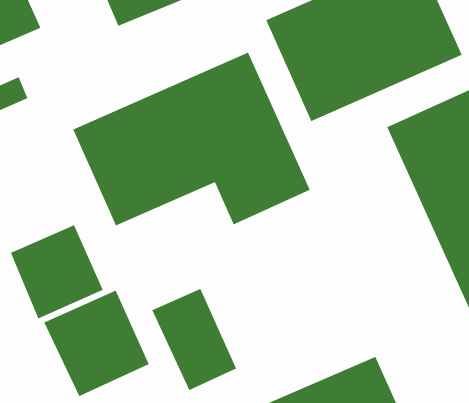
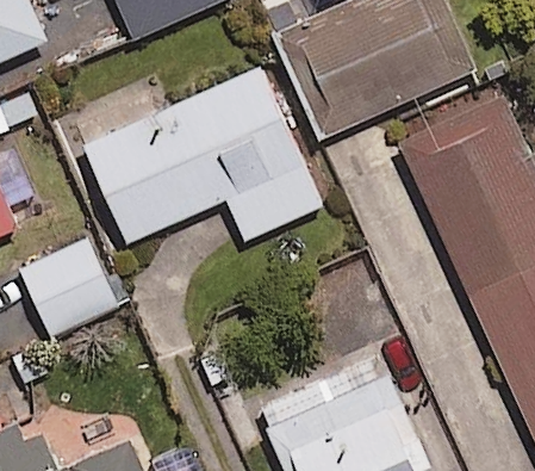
building: [151,288,237,391] -> none
building: [43,290,150,397] -> none

